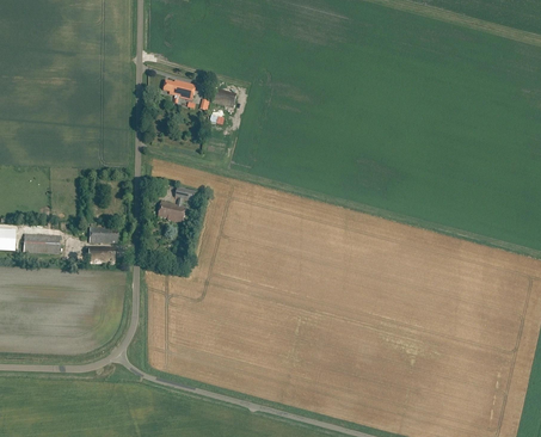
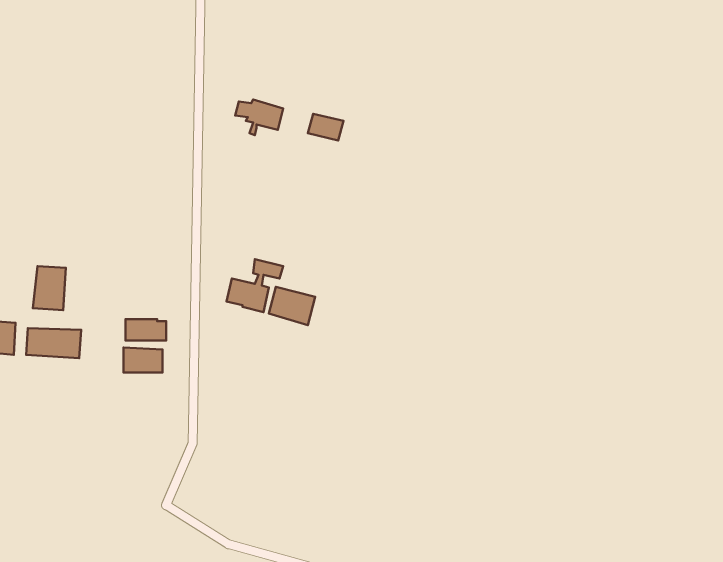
building: none -> [33,266,66,310]
building: none -> [269,287,315,325]

